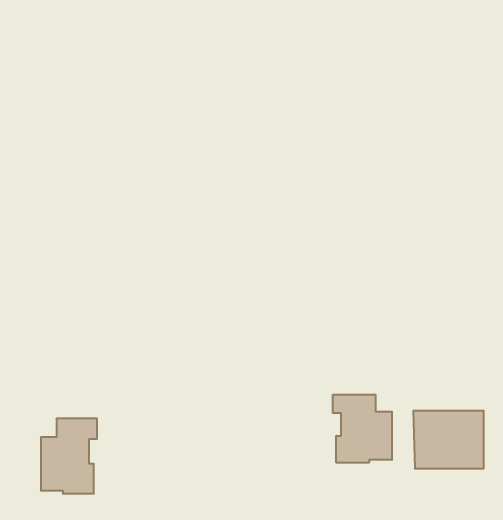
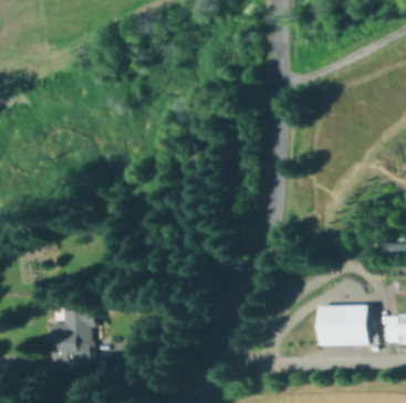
building: [333,395,392,463] -> none

